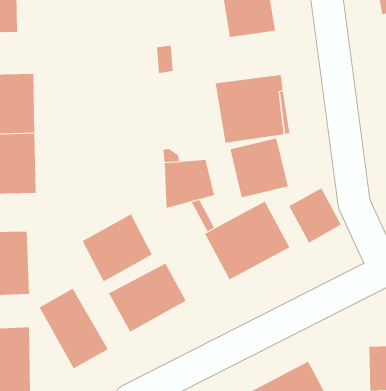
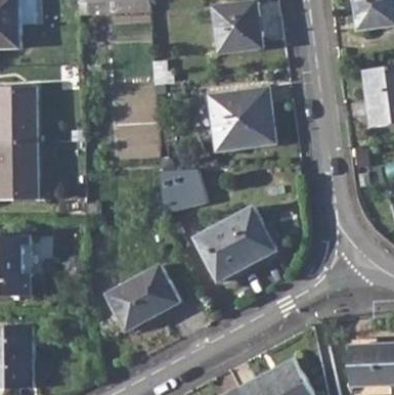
building: [230,138,288,198] -> none
building: [289,187,342,243] -> none
building: [82,214,153,282] -> none
building: [39,288,109,369] -> none

